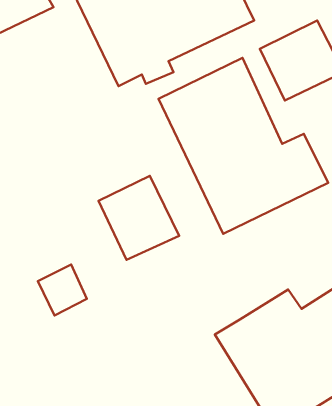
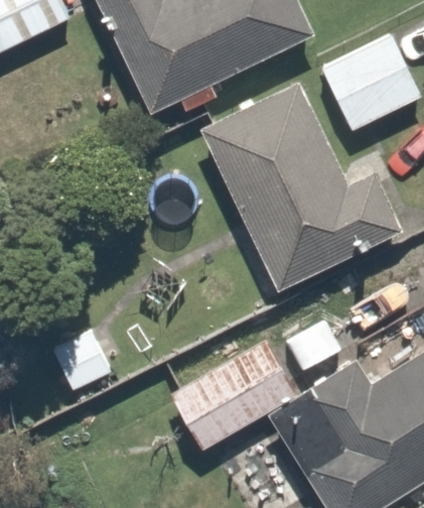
building: [99,176,179,260] -> none
building: none -> [170,342,297,451]

